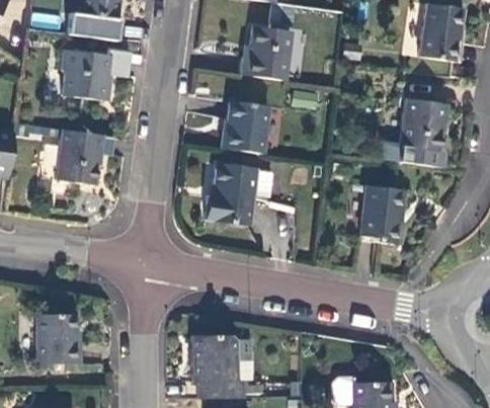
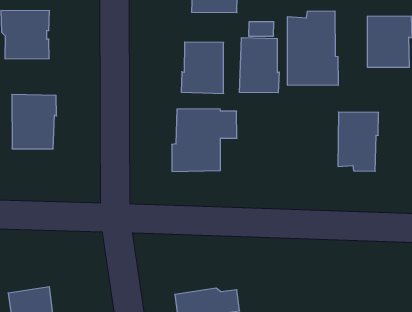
building: none -> [287,11,338,85]
building: none -> [239,38,279,93]

